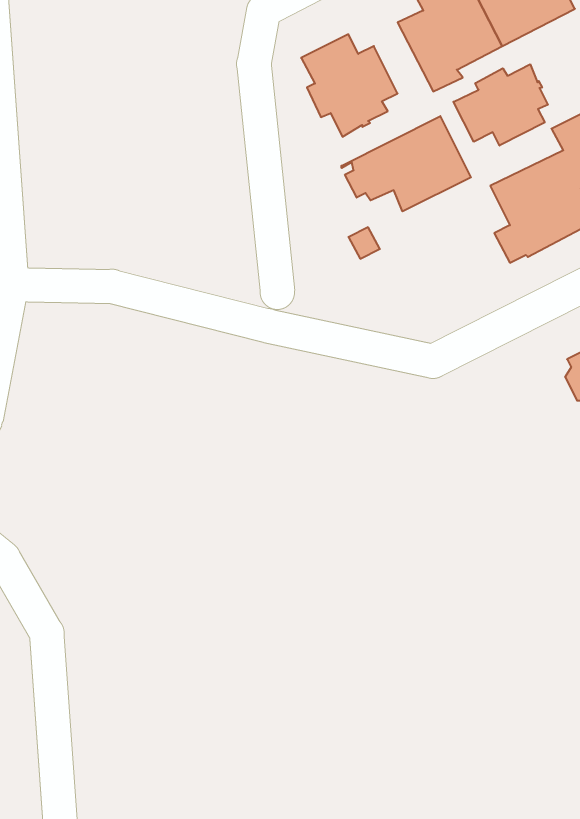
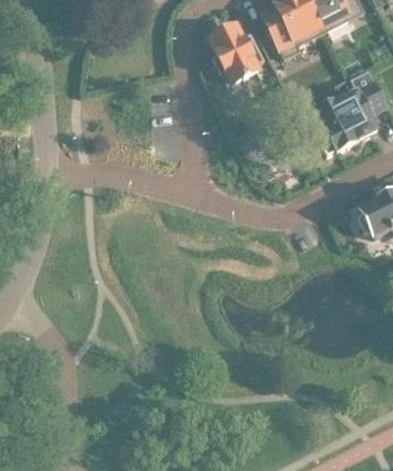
building: [453,64,548,146] -> none
building: [341,116,471,211] -> none

